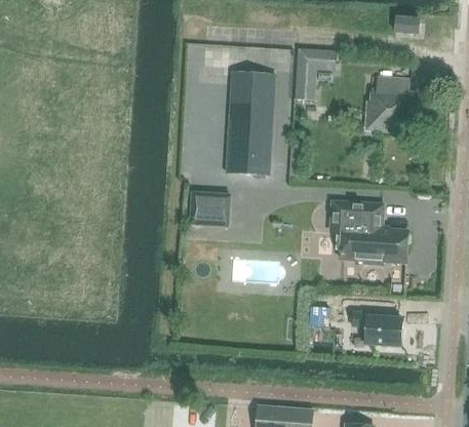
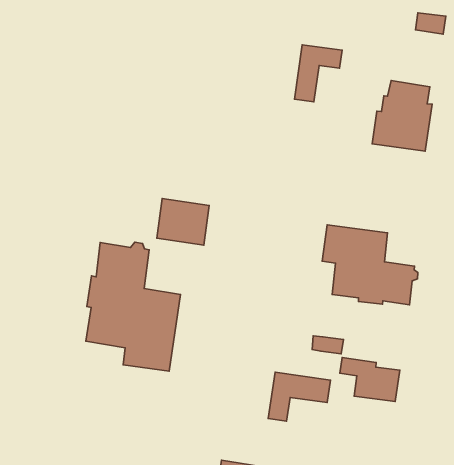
building: [225,69,276,177] -> none
building: none -> [86,242,181,371]
building: none -> [268,372,331,421]

